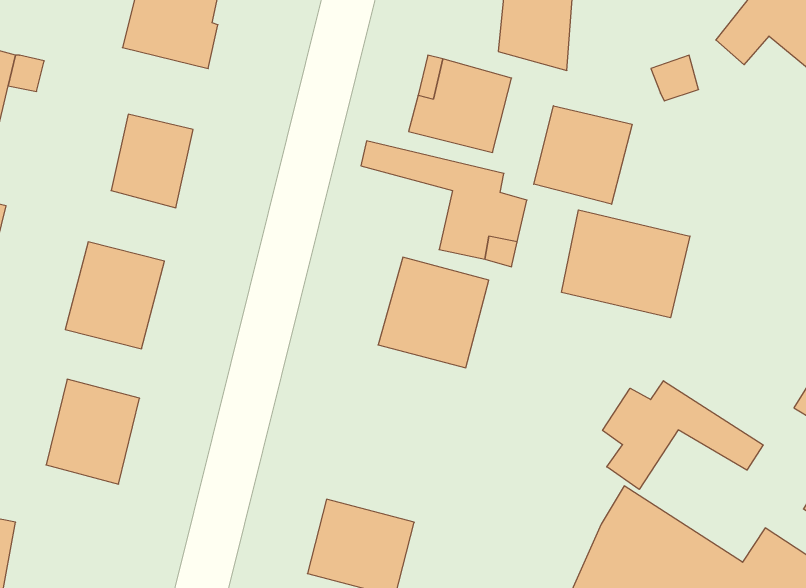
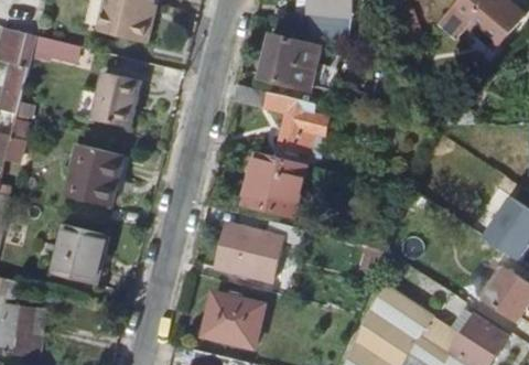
building: [534,106,632,204] -> none
building: [562,210,690,318] -> none
building: none -> [216,222,303,282]
building: [603,381,763,489] -> none

